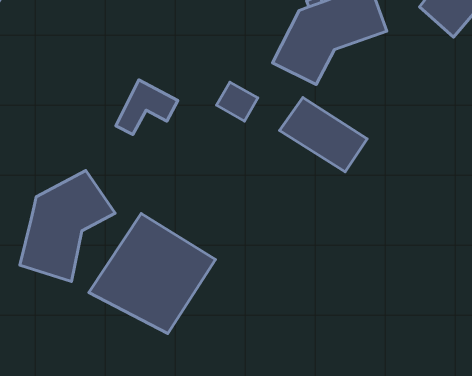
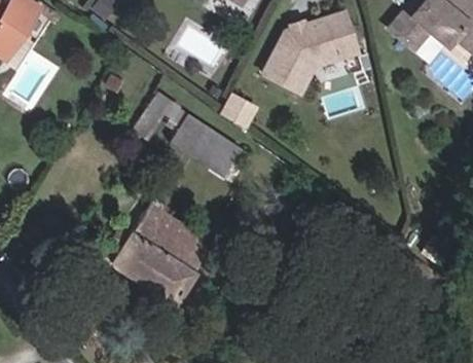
building: [280,98,367,172] -> [170,115,244,178]
building: [20,171,115,282] -> none

